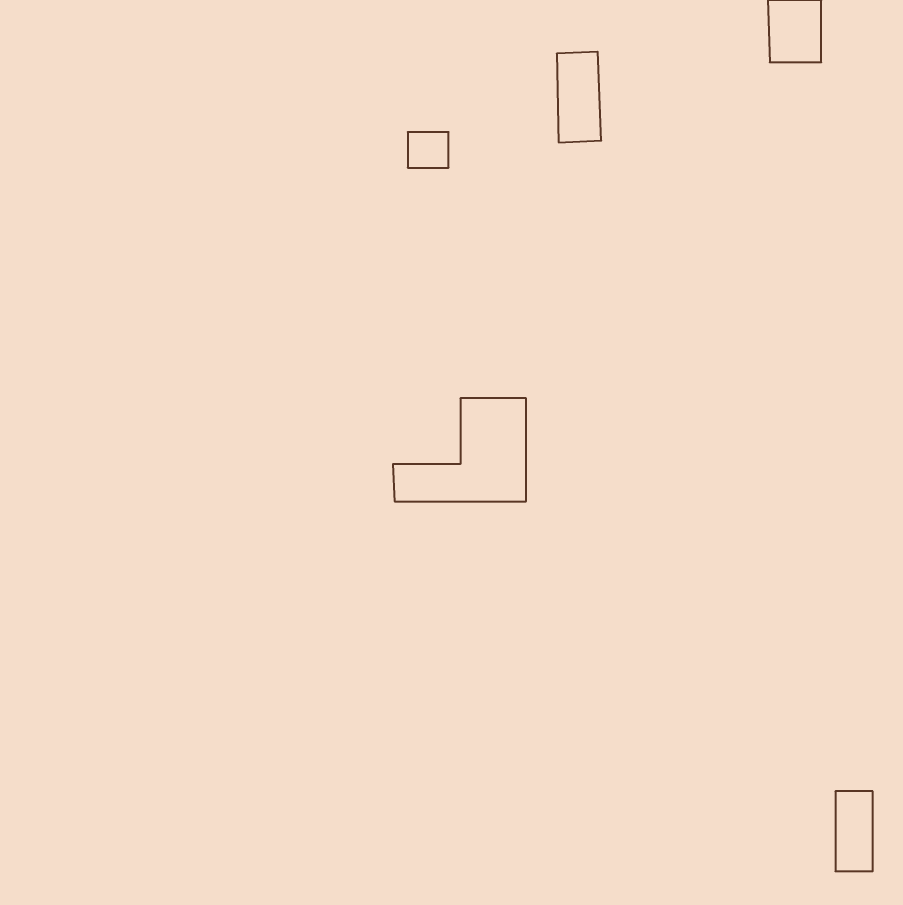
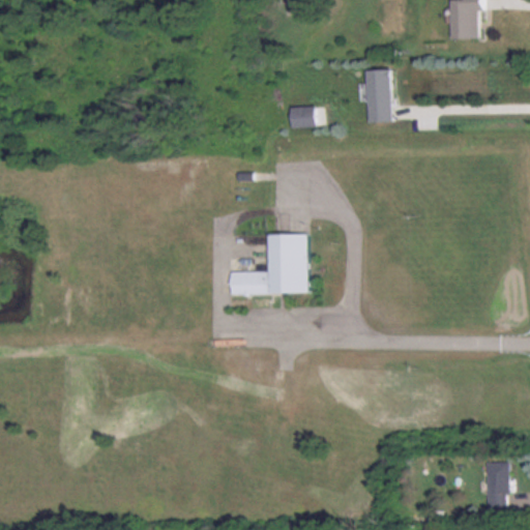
building: [557,52,601,142] -> [365,69,391,122]
building: [408,132,449,168] -> [289,107,313,127]

